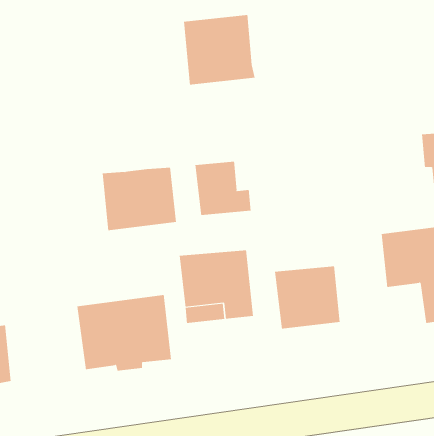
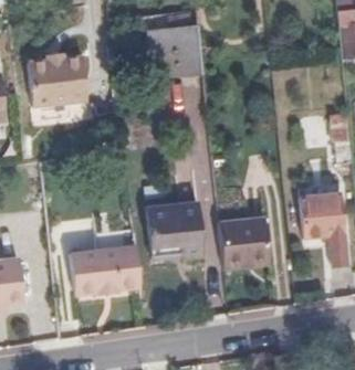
building: [195,161,251,216] -> none
building: [102,167,177,231] -> [24,61,82,109]

